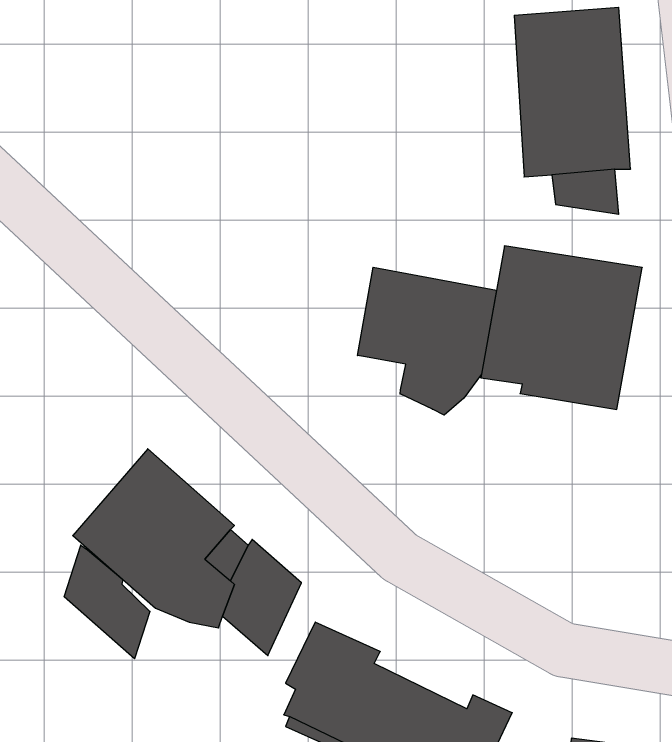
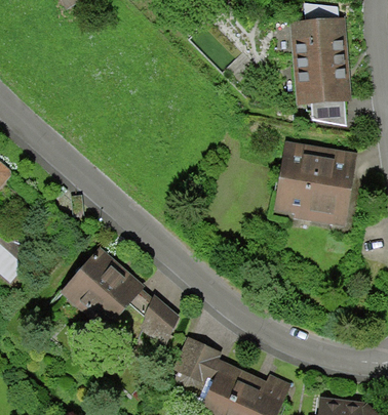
building: [358,267,496,415] -> none
building: [64,545,150,659] -> none

